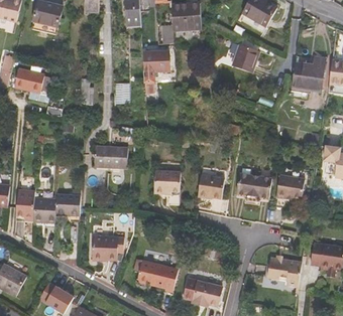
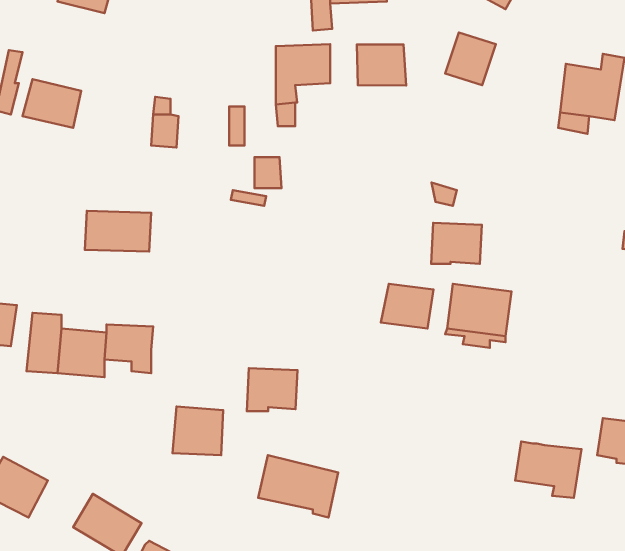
building: none -> [357,44,406,86]
building: [94,145,128,166] -> [85,211,151,252]
building: [155,169,182,191] -> [247,368,297,411]
building: [272,174,299,195] -> [431,223,482,264]
building: [182,280,220,305] -> none

